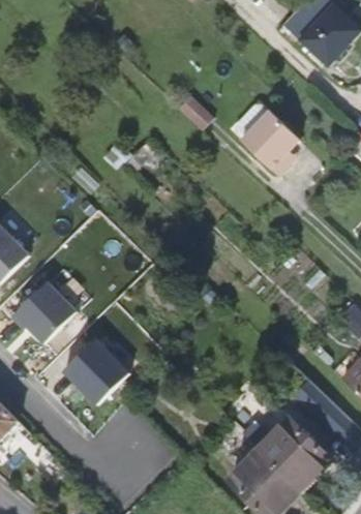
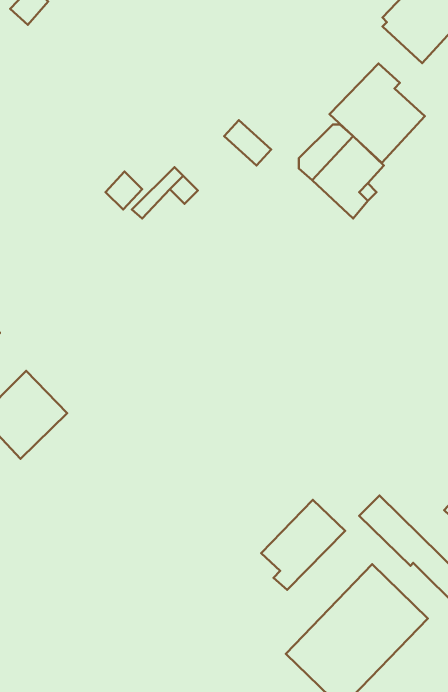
building: none -> [329,64,425,163]
building: [61,333,131,403] -> none
building: none -> [261,500,345,590]

